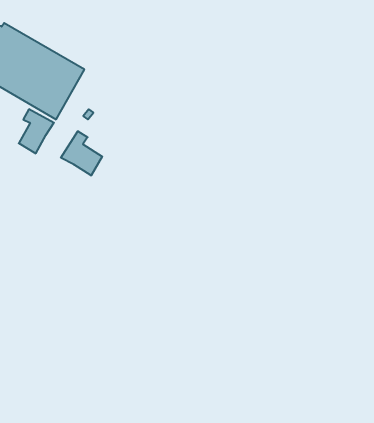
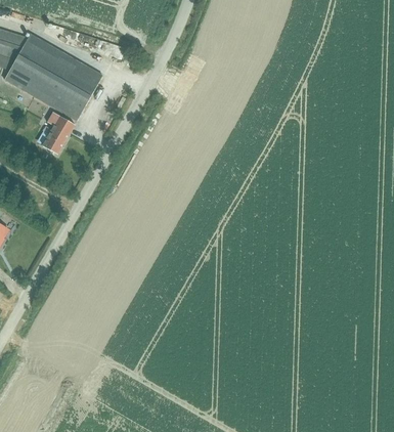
building: [61,131,102,176] -> none

